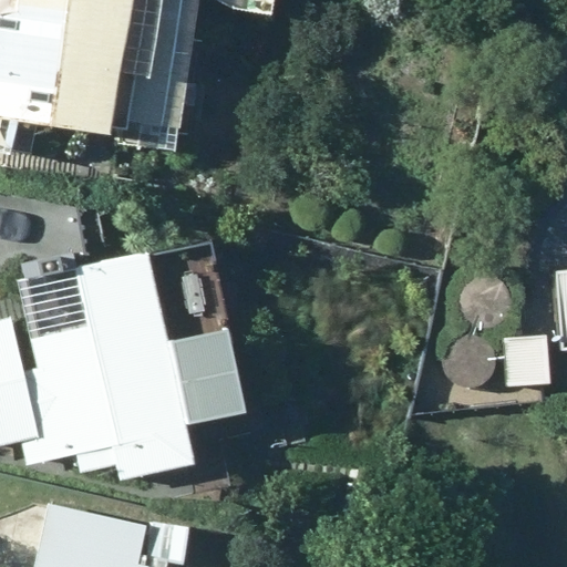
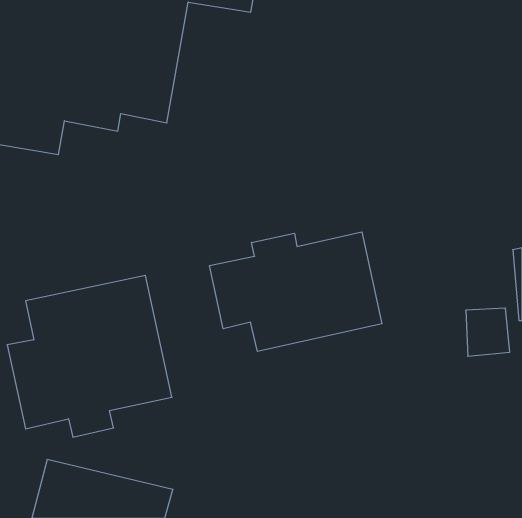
building: none -> [209,232,382,351]

